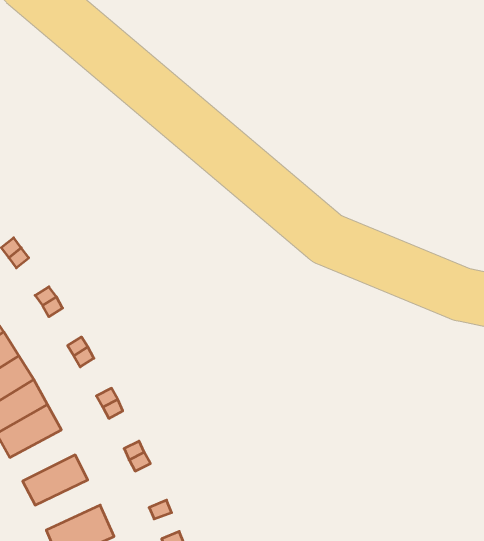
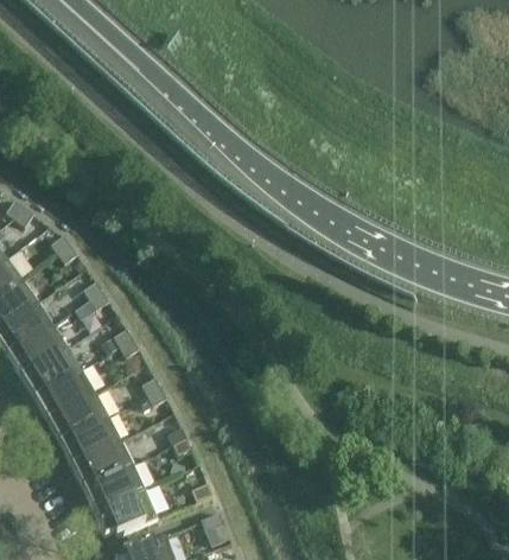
building: none -> [59,415,121,464]
building: none -> [83,463,145,510]

